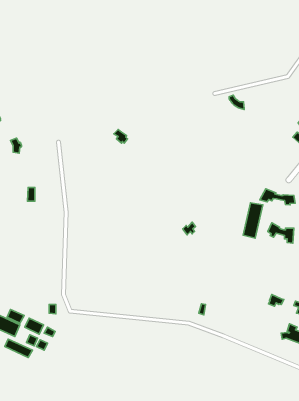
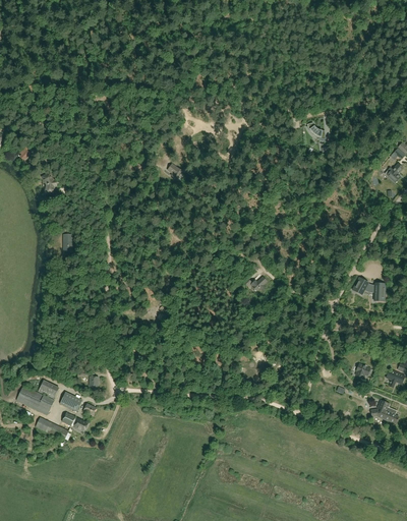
building: [260,189,295,205] -> none
building: [243,203,263,238] -> none

